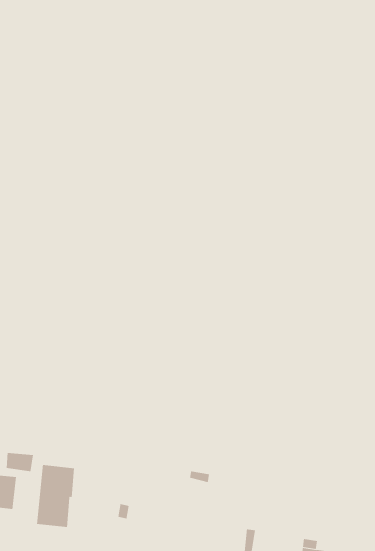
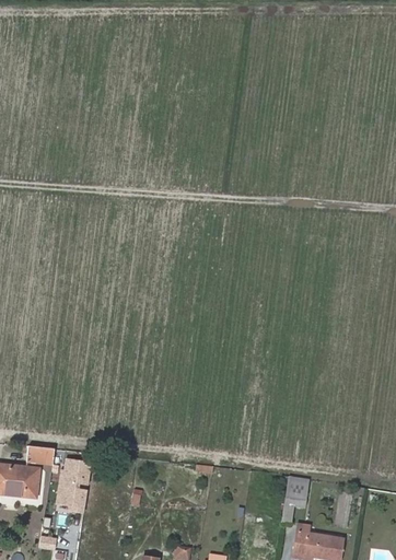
building: none -> [284,476,308,501]

